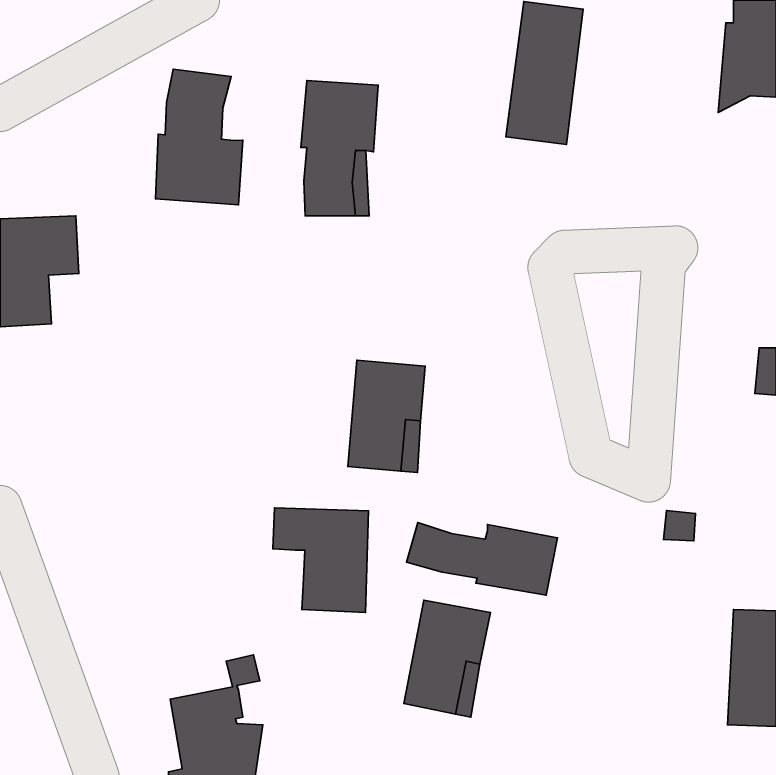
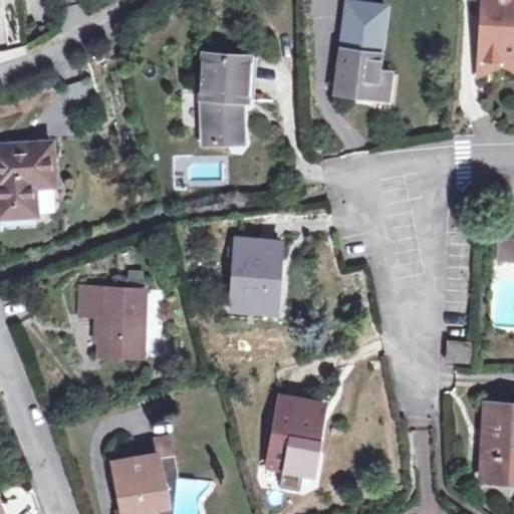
building: [155,69,243,205] -> none
building: [273,508,369,613] -> [81,288,145,357]
building: [406,523,557,595] -> none

